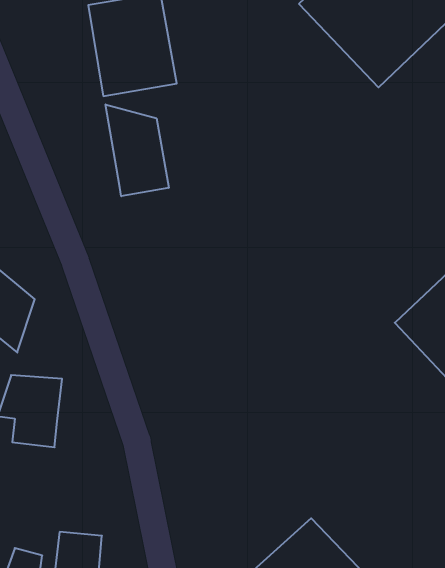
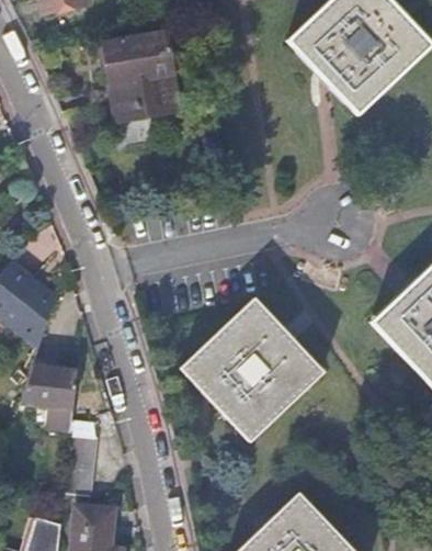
building: [106,104,169,196] -> none
building: none -> [180,297,322,440]
building: none -> [66,435,100,495]

